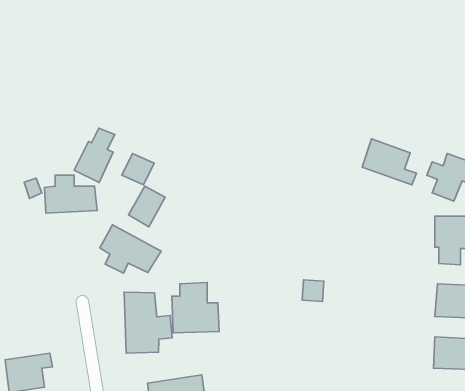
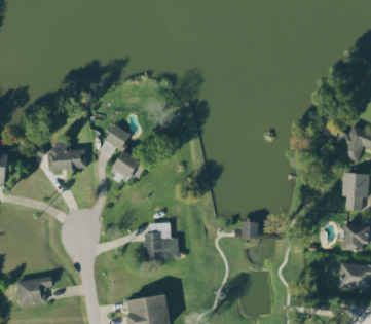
building: [74,128,115,183] -> none
building: [362,139,417,185] -> none
building: [100,225,161,273] -> none
building: [124,292,172,353] -> none

